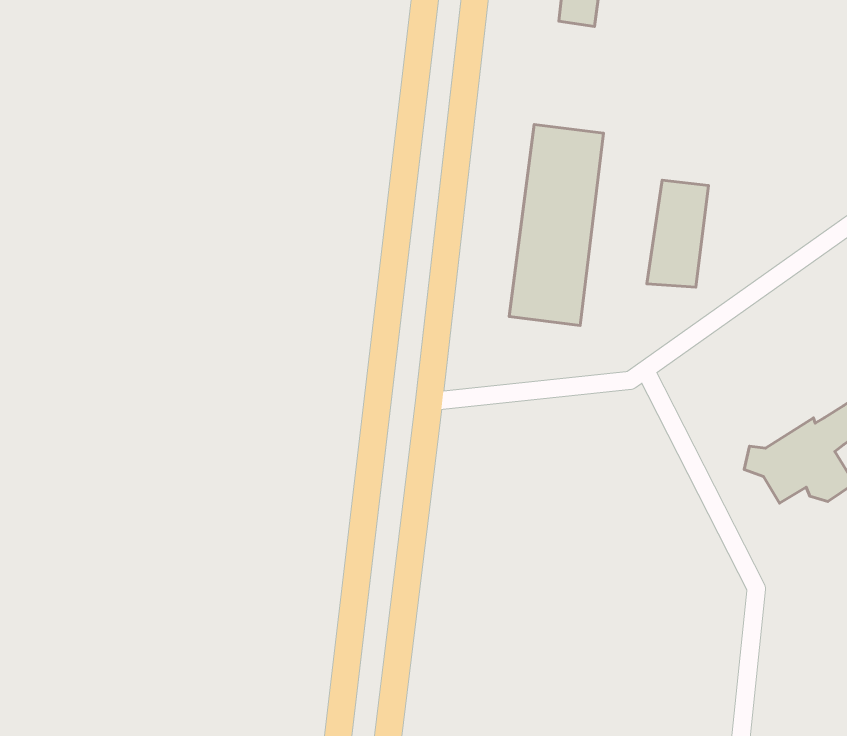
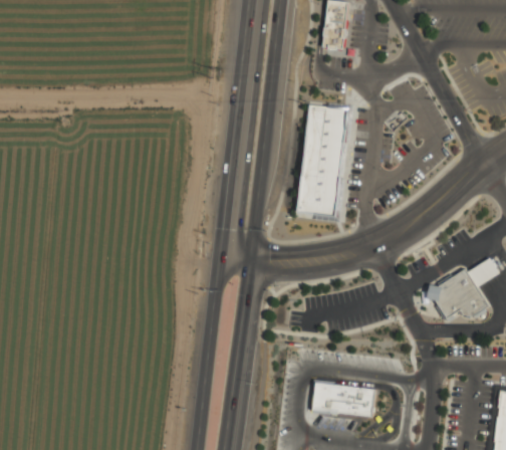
building: [647,180,708,287] -> none
building: none -> [312,384,375,417]

